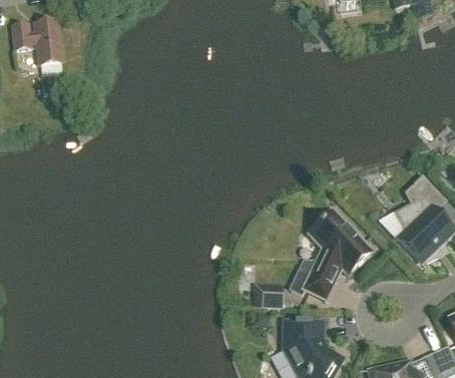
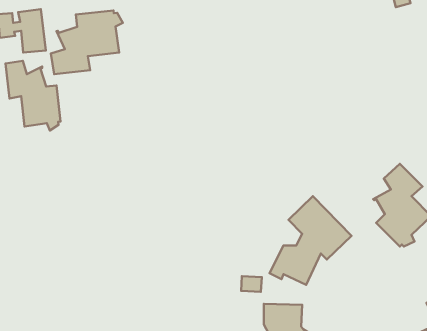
building: none -> [51,10,123,74]
building: none -> [5,61,60,130]

